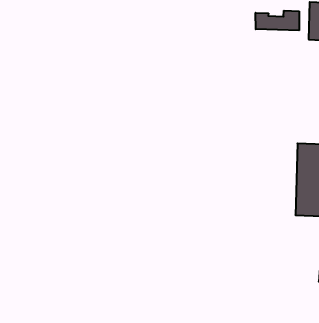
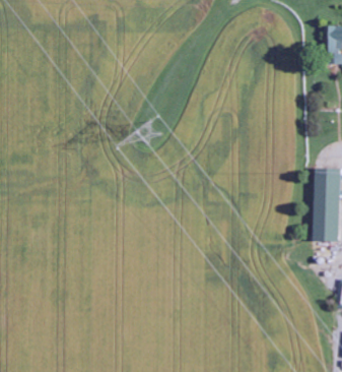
building: [256,11,299,30] -> none

